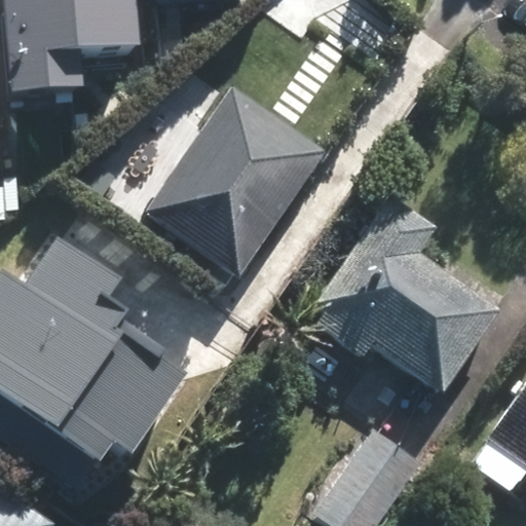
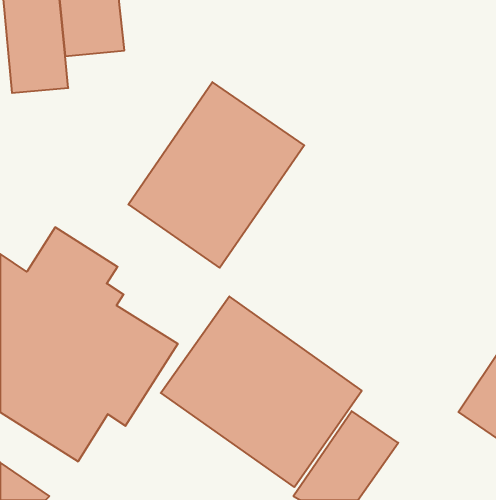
building: [311,195,497,396] -> none
building: none -> [161,296,362,487]

